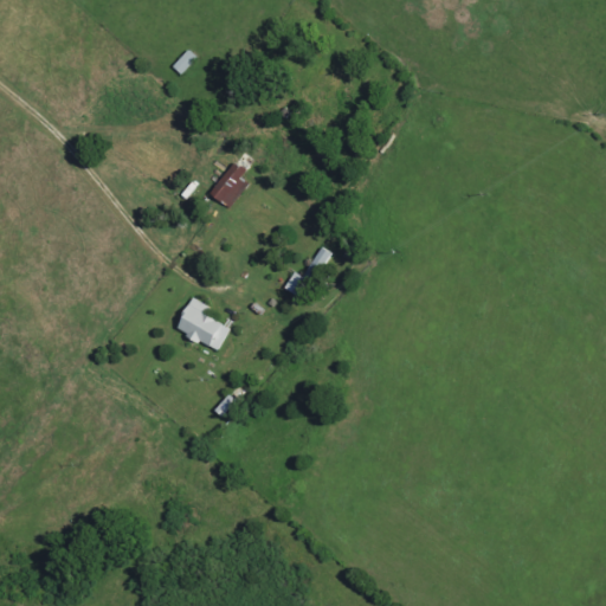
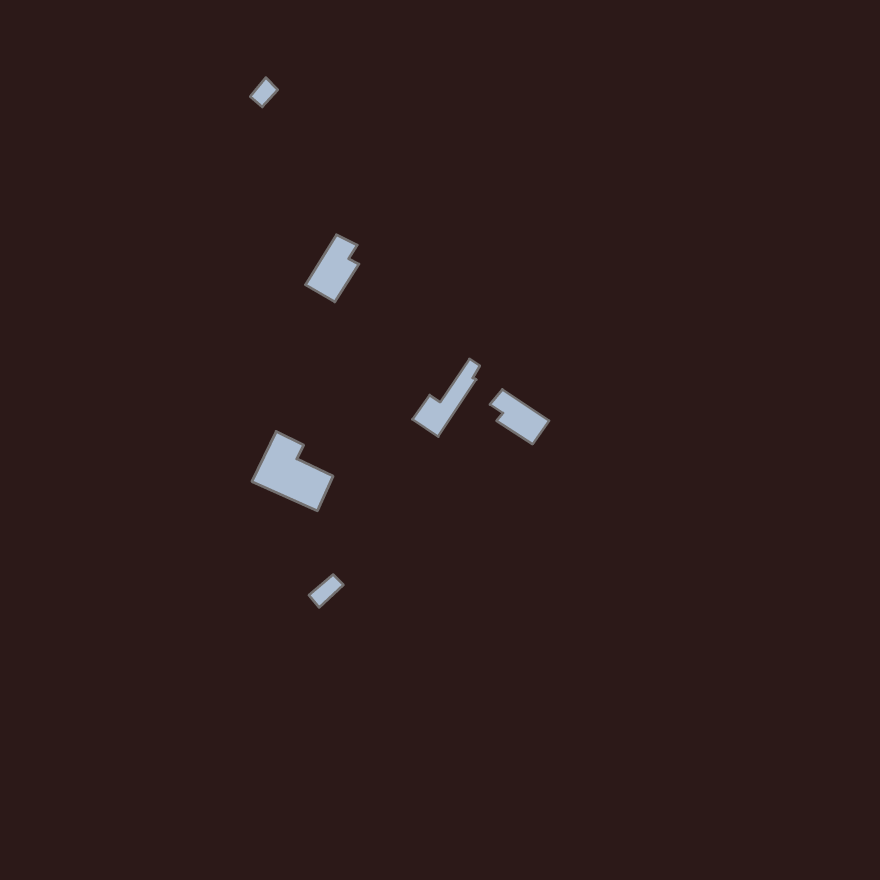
building: none -> [490,389,549,444]

